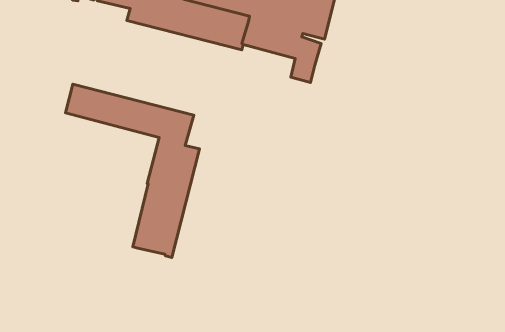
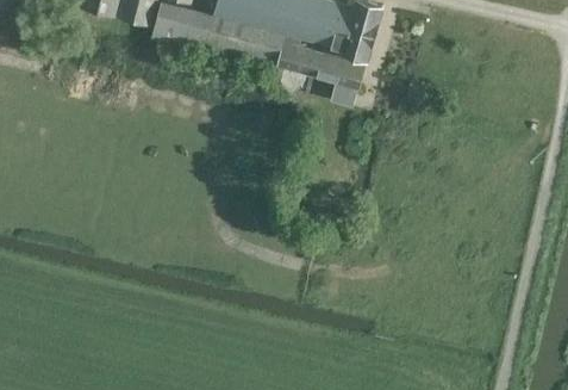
building: [65,84,199,258] -> none

